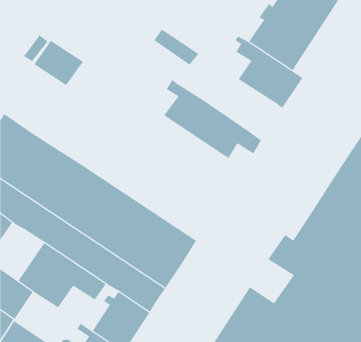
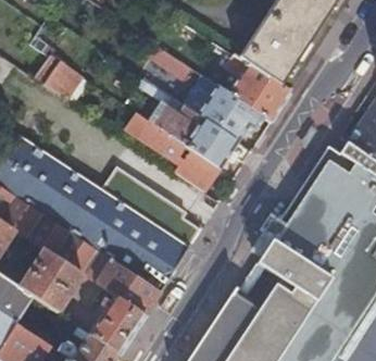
building: none -> [196,85,264,141]
building: none -> [139,122,218,191]

